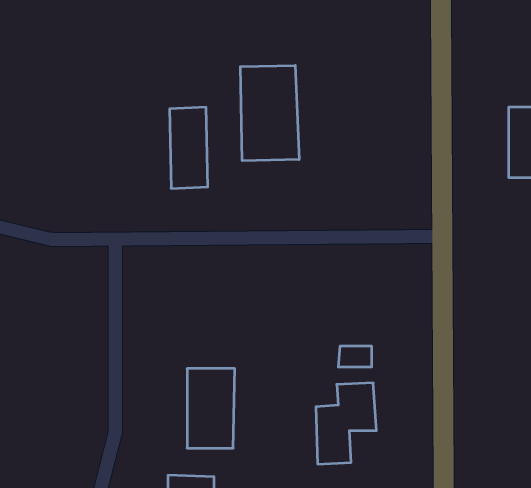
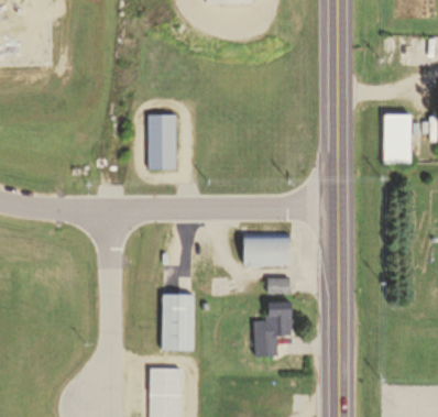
building: [240,65,299,161] -> none
building: none -> [241,232,286,261]

